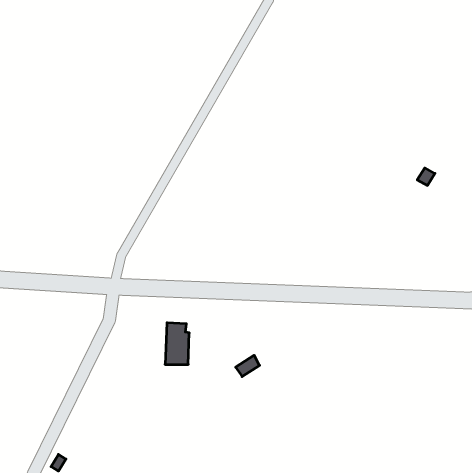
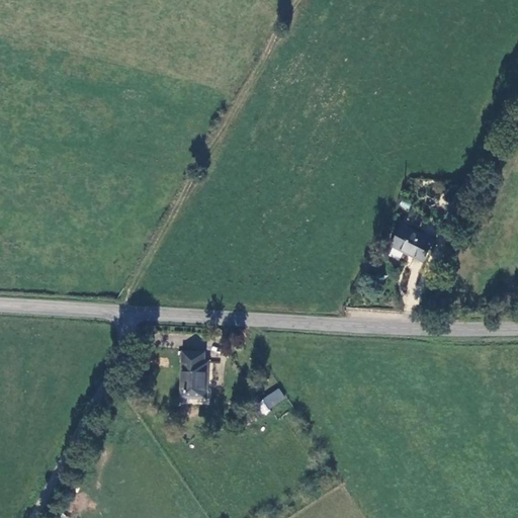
building: none -> [391,225,435,263]

